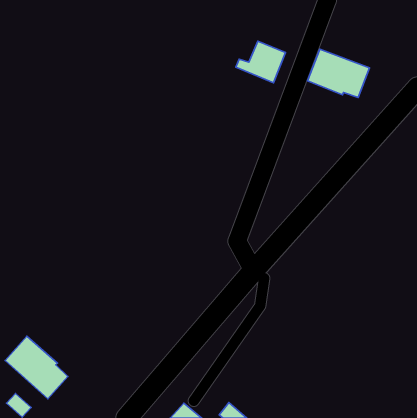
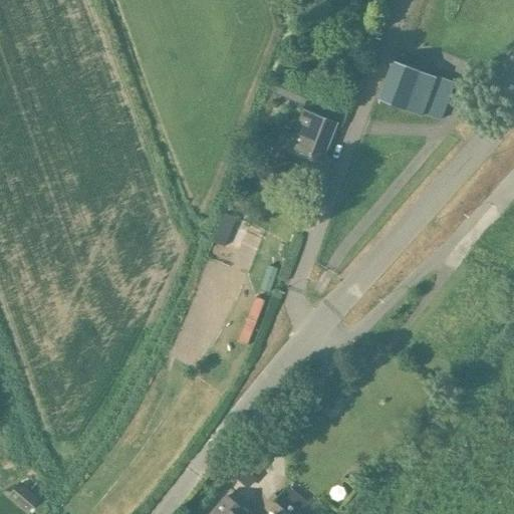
building: [236,41,286,83] -> [277,108,338,160]
building: [5,336,68,399] -> none

